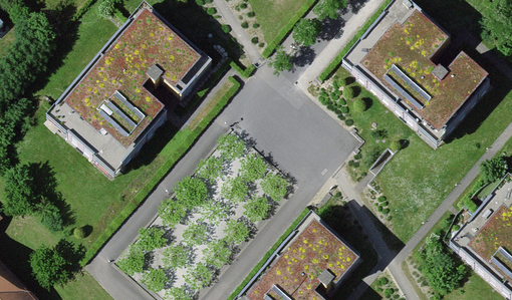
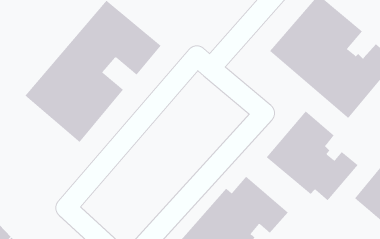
building: none -> [266,111,358,201]

